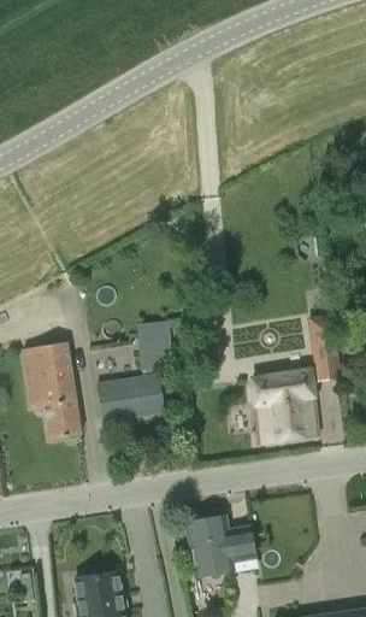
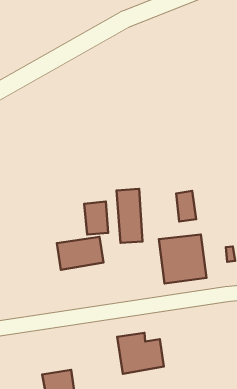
building: none -> [116,189,143,243]
building: [311,334,341,380] -> [176,191,196,222]
building: [22,341,81,439] -> none

